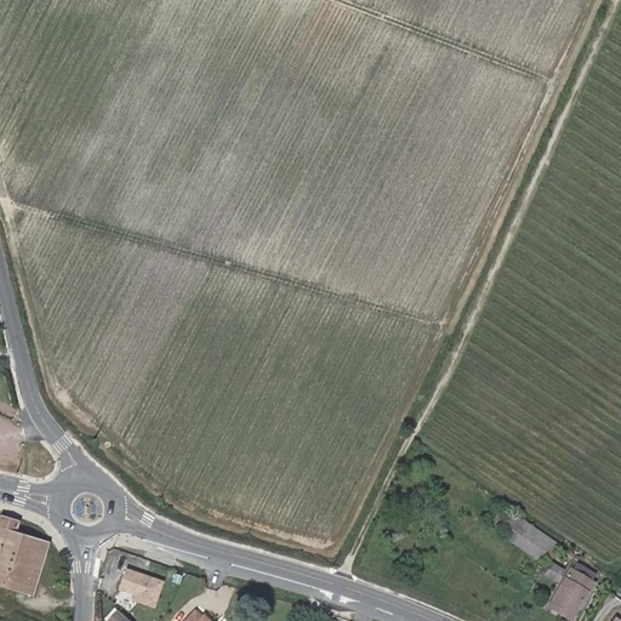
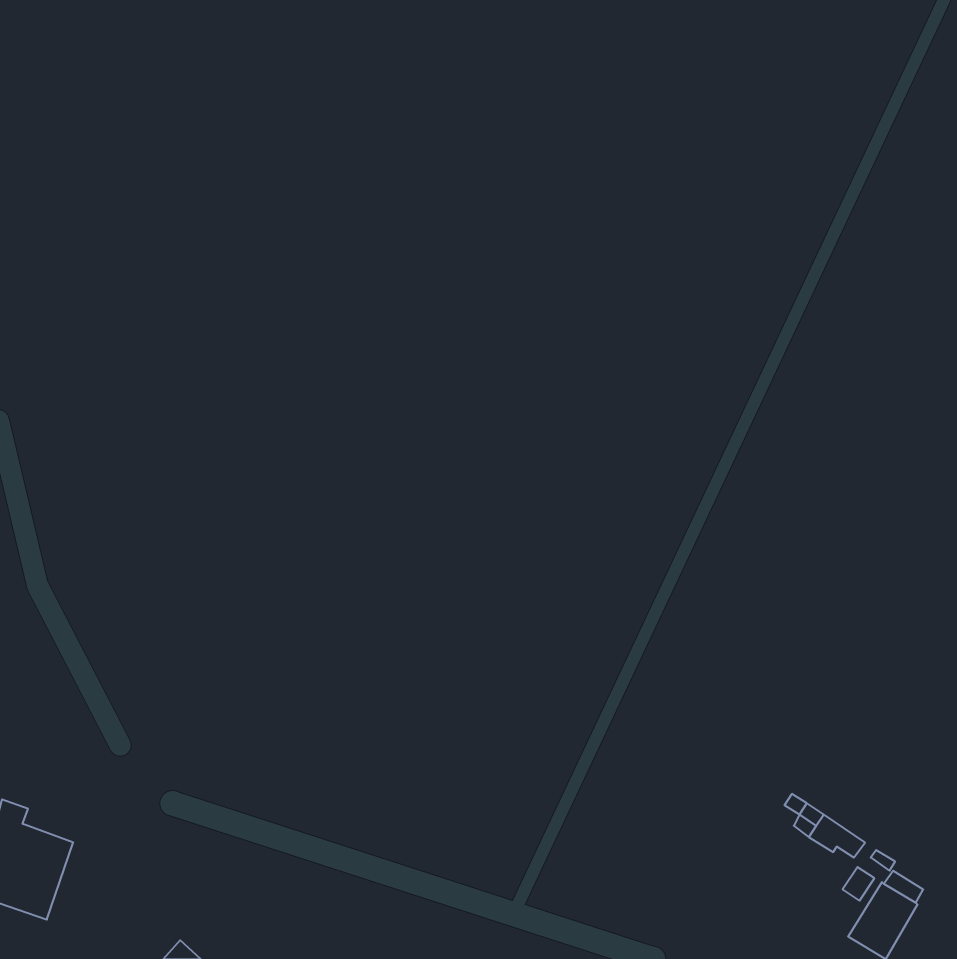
building: [116,568,160,605] -> none

